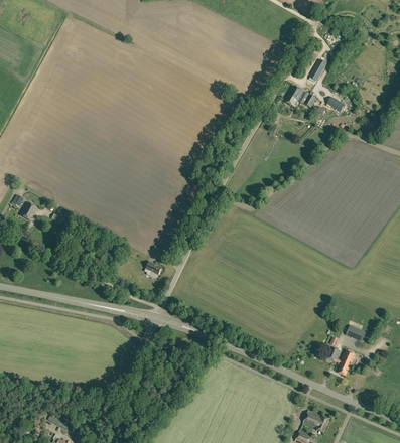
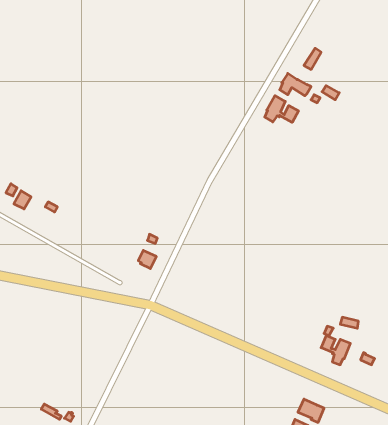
building: none -> [265,96,298,122]

